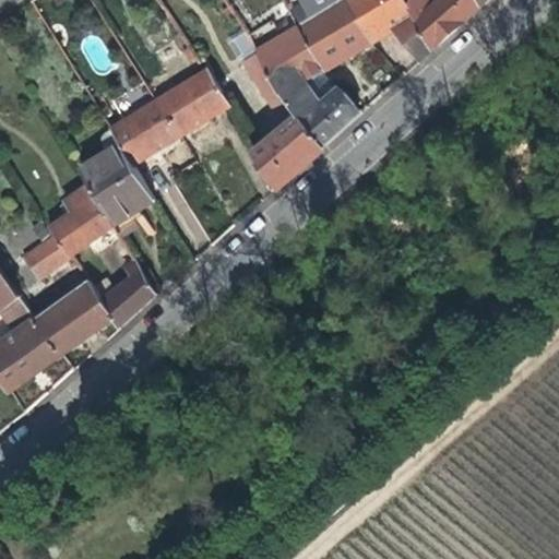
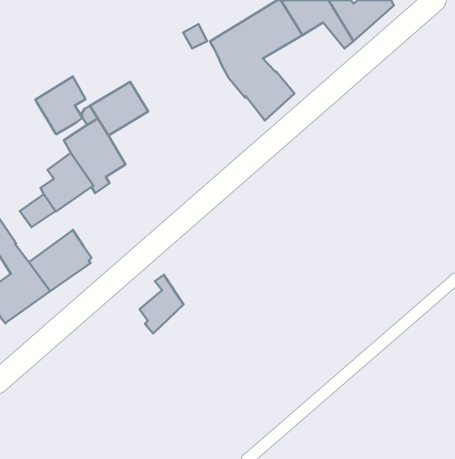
building: [240,52,322,188] -> none
building: [158,69,229,135] -> none
building: none -> [35,77,85,134]
building: [102,258,155,329] -> [140,275,184,333]

